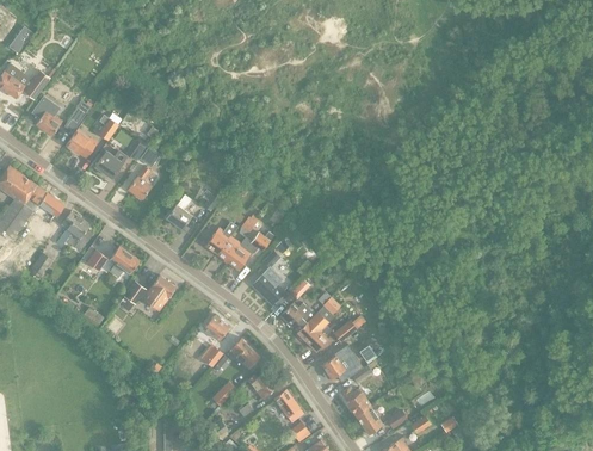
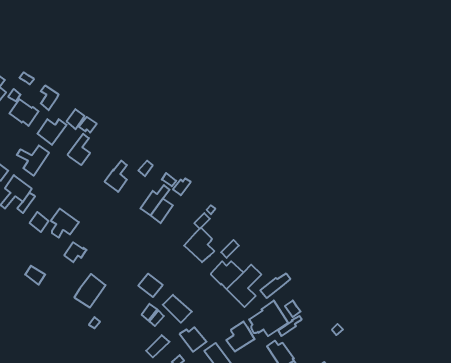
building: none -> [17,145,49,176]
building: [227,230,273,270] -> none
building: [142,274,175,310] -> [74,274,106,307]
building: none -> [226,321,255,352]

